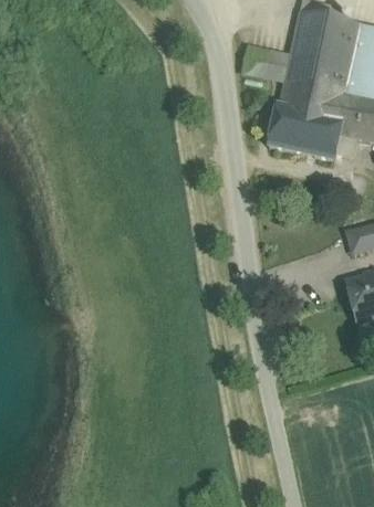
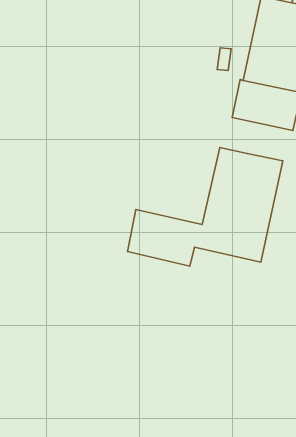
building: none -> [127,147,283,266]

